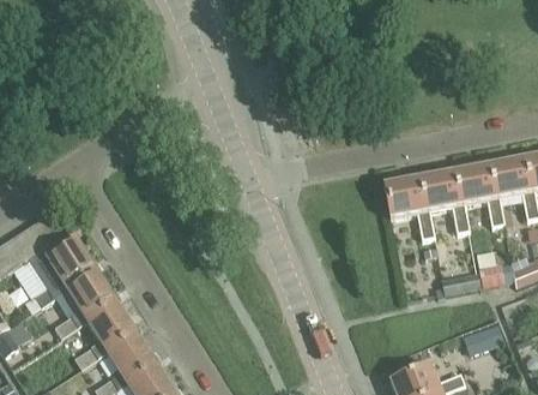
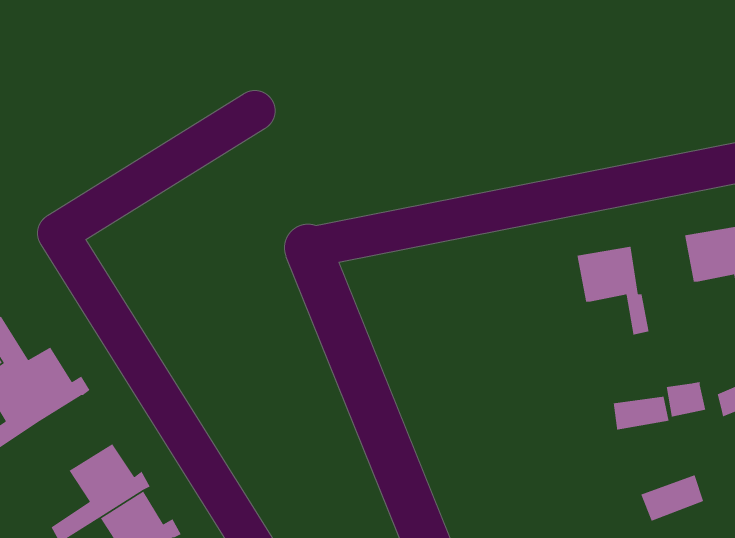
building: [455,164,506,243] -> none
building: [385,178,437,262] -> none
building: [54,270,121,336] -> none

